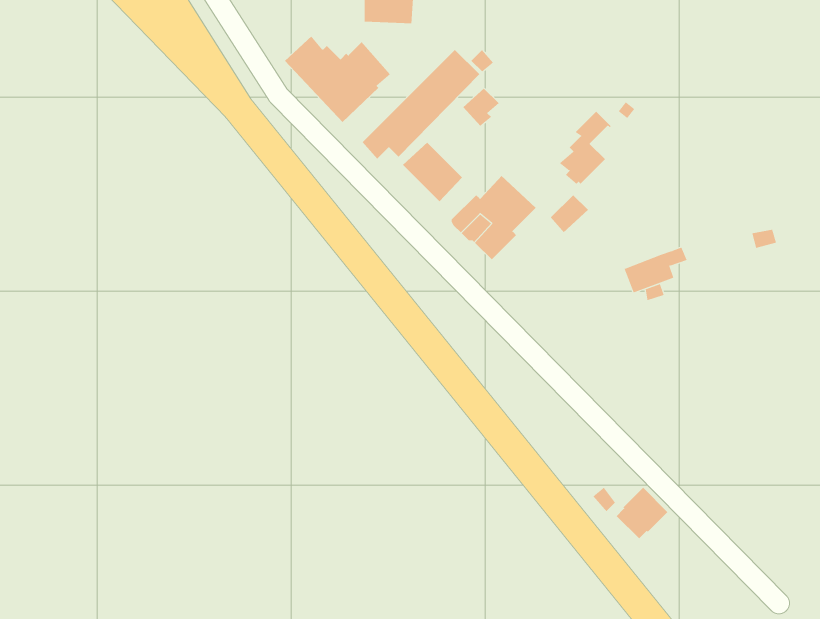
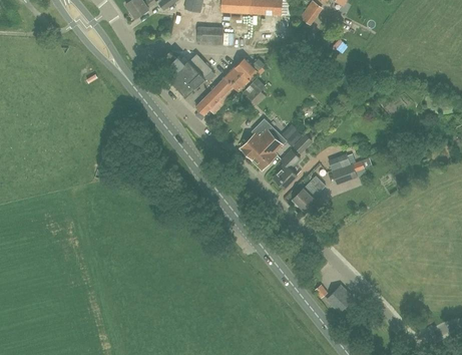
building: [559,111,612,184] -> [273,149,300,188]
building: [402,142,463,202] -> none
building: none -> [291,175,325,212]

